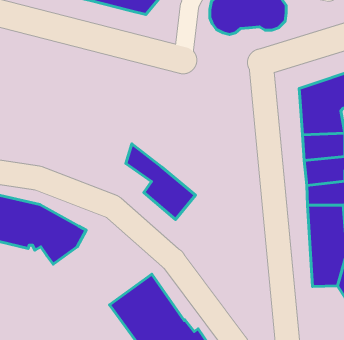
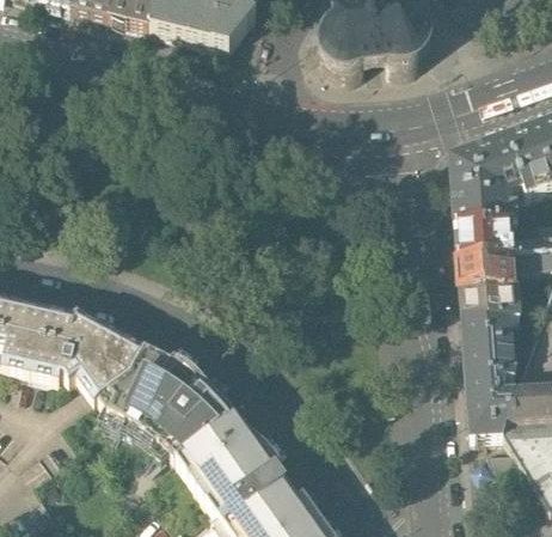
building: [126,144,196,219] -> none
building: none -> [99,348,238,459]

